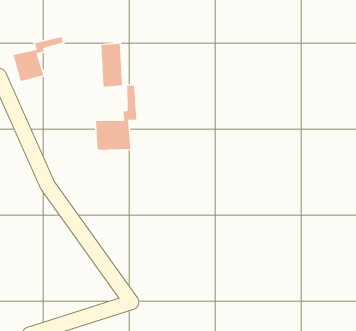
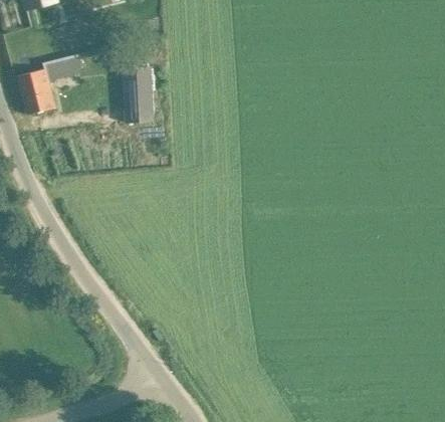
building: [95,85,137,150] -> none

